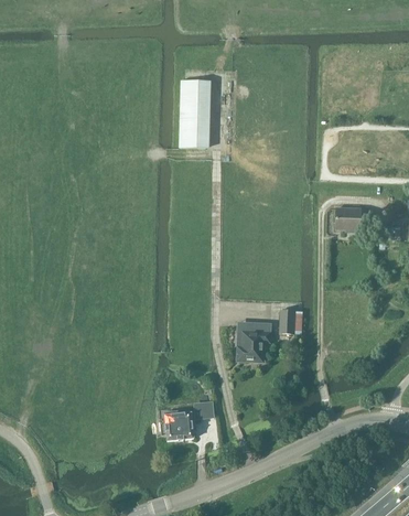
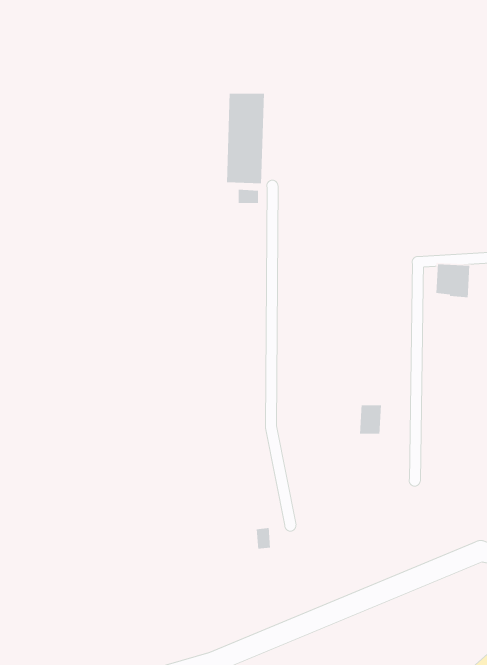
building: [237,329,270,359] -> none
building: [164,410,194,438] -> none

